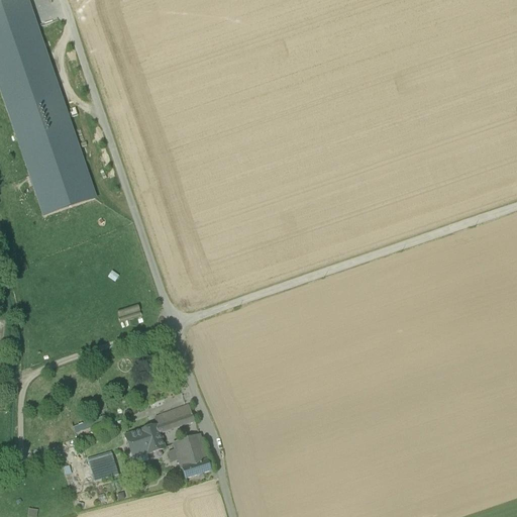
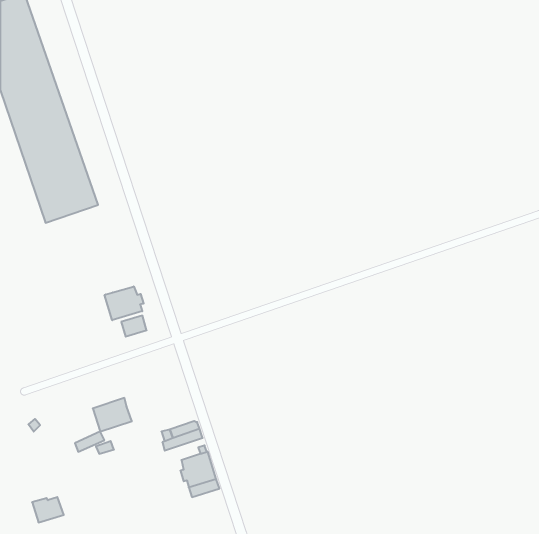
building: none -> [105,286,144,320]
building: [125,423,163,455] -> [93,398,132,432]
building: [87,454,117,479] -> [32,497,64,522]

